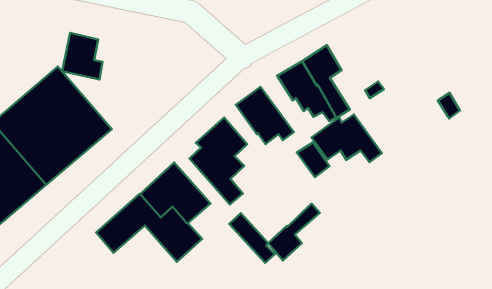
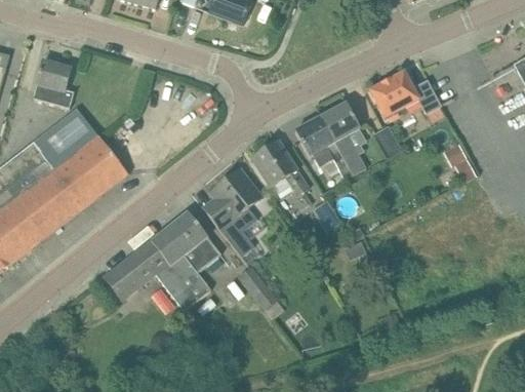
building: none -> [369,70,441,117]
building: [62,33,103,79] -> [33,60,74,108]
building: [311,114,382,162] -> none
building: [268,204,320,260] -> none

